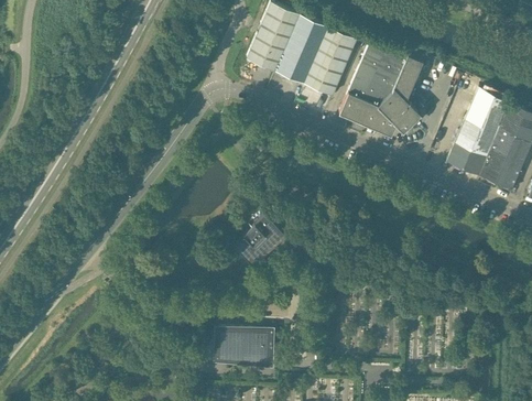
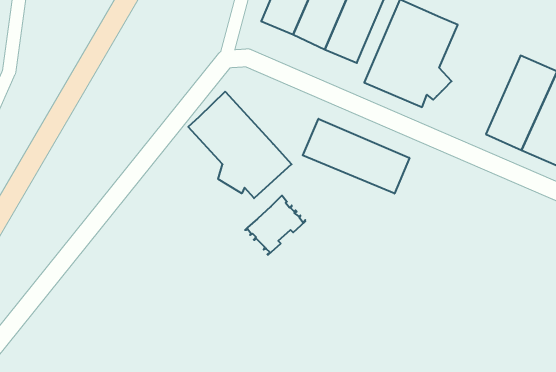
building: none -> [188,92,292,198]
building: none -> [303,119,409,194]
building: [214,327,272,364] -> none

